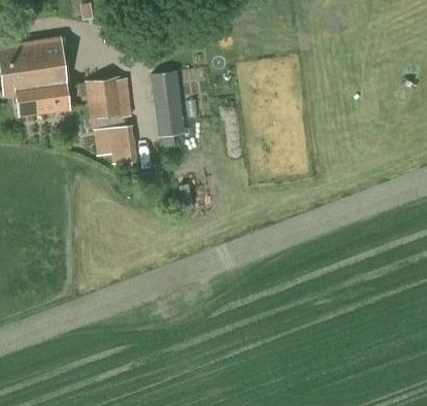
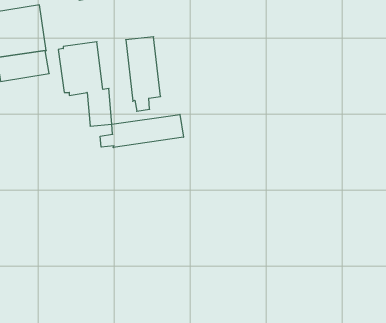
building: none -> [100,114,183,148]

